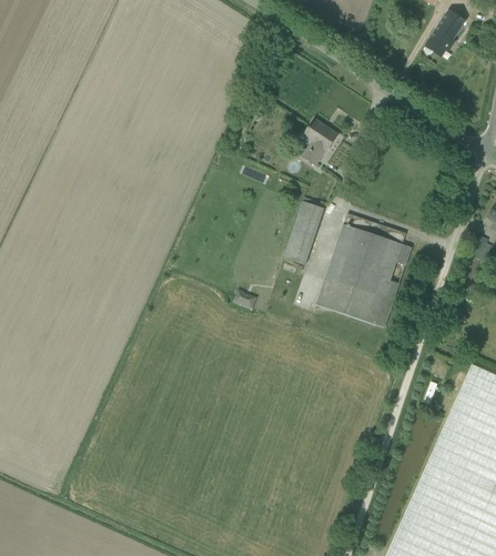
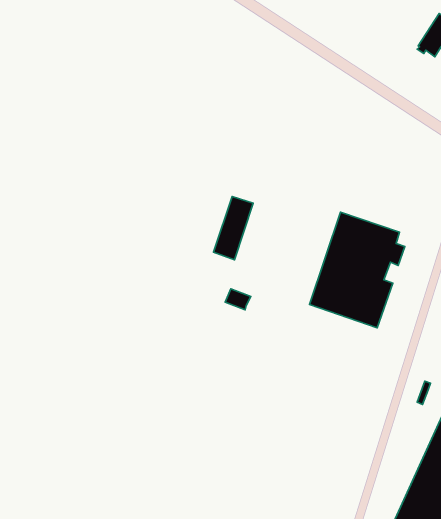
building: [303,121,338,166] -> none
building: [284,203,324,266] -> [213,197,253,260]

